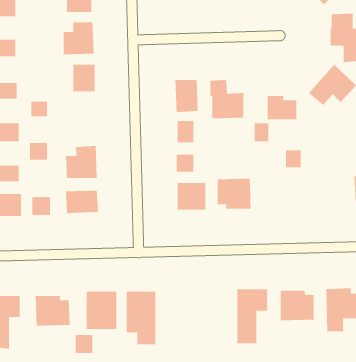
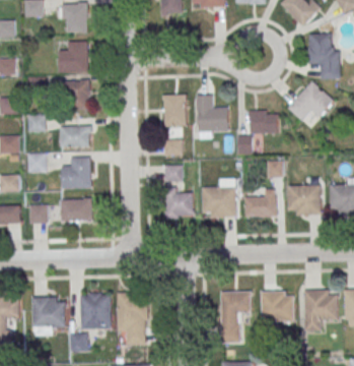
building: none -> [60,125,92,146]
building: none -> [288,185,321,215]
building: none -> [244,189,277,217]

